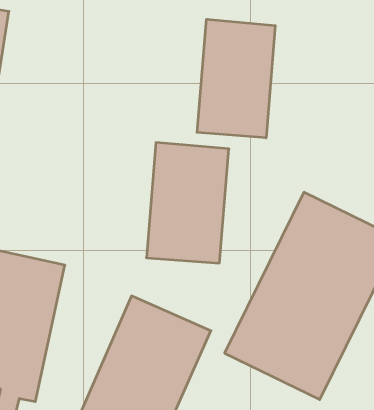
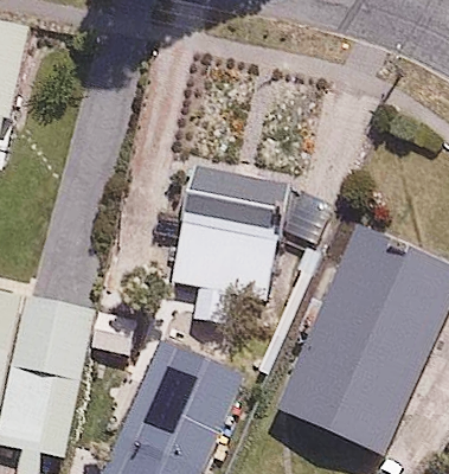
building: [197,19,275,138] -> none

